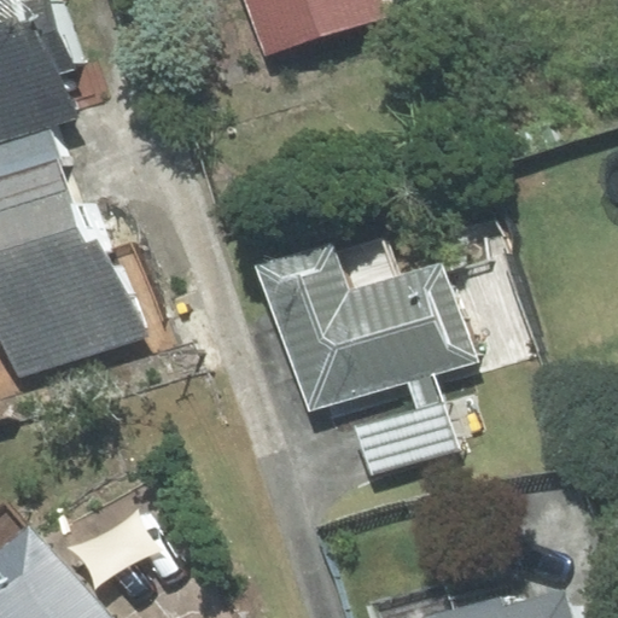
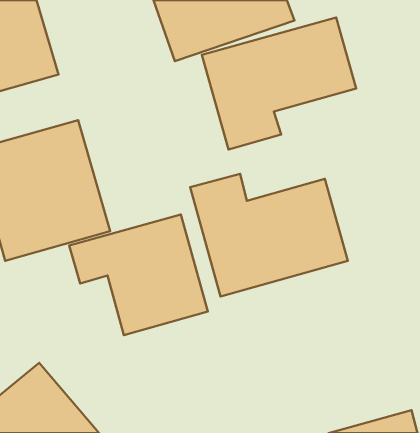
building: none -> [202,17,356,150]
building: none -> [69,214,208,335]

